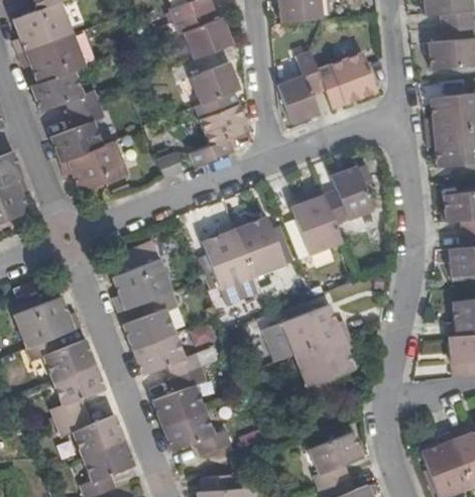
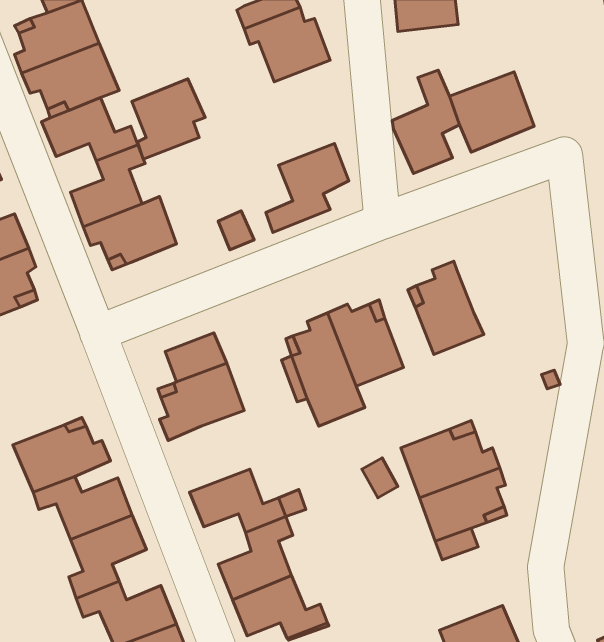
building: [190,63,241,119] -> [132,79,205,159]
building: [323,165,375,223] -> none
building: [125,291,179,349] -> none

